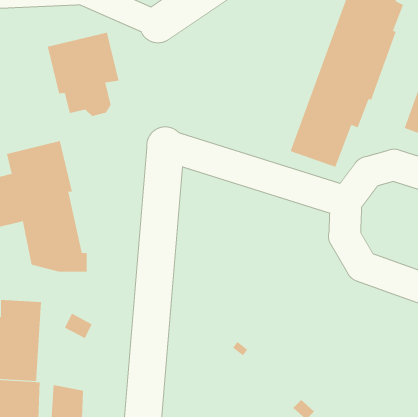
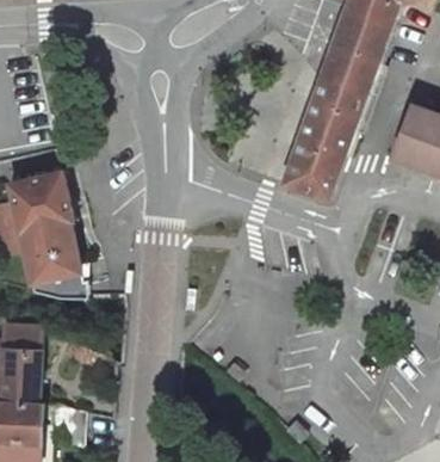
building: [47,32,119,117] -> none

